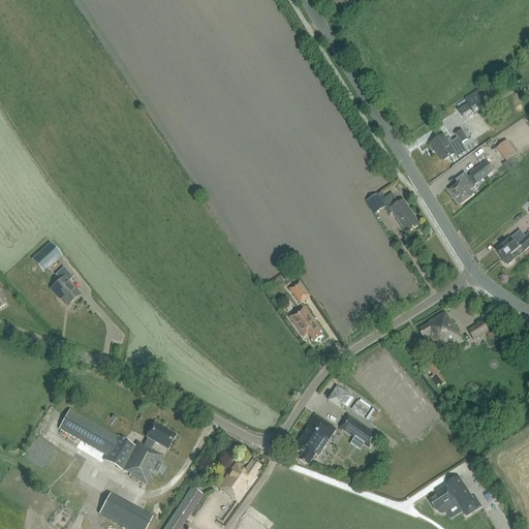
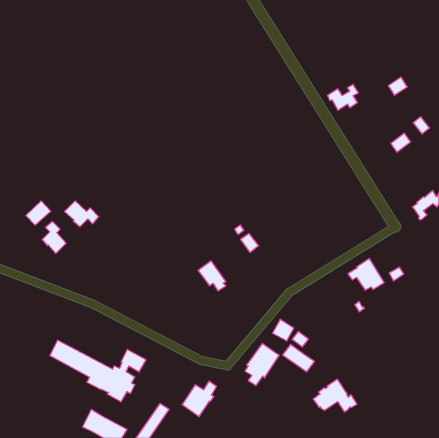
building: [431,129,468,160] -> [327,84,358,110]
building: [449,173,478,205] -> none
building: [380,191,418,231] -> none
building: none -> [64,201,99,227]
building: [288,305,321,341] -> [198,261,226,291]
building: [428,475,480,515] -> [313,379,357,412]

